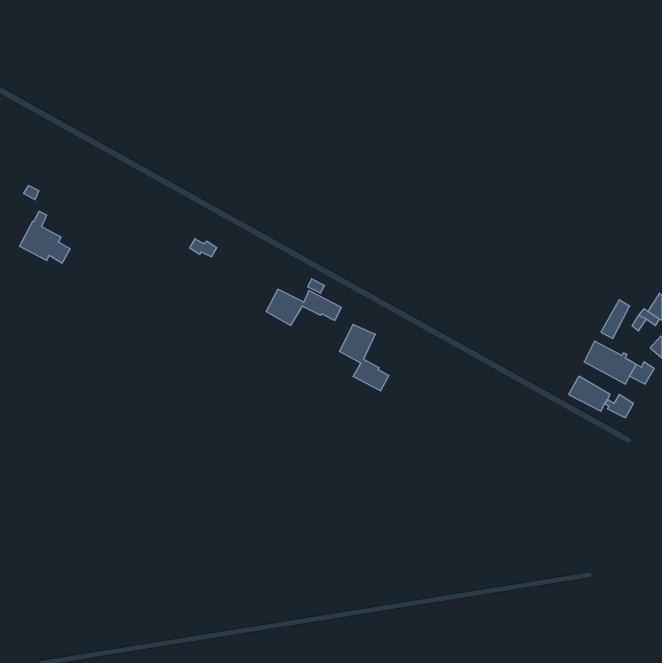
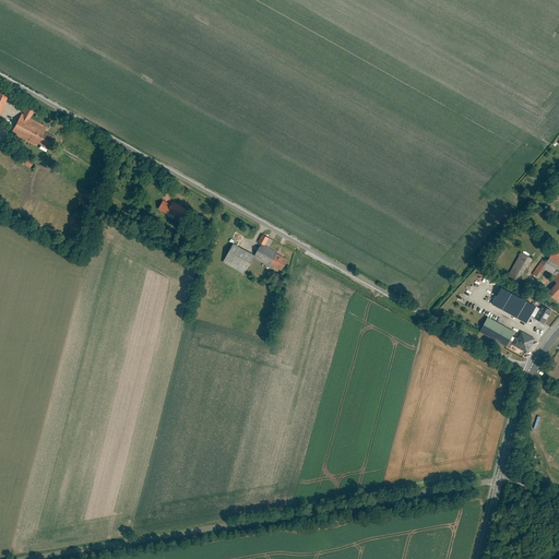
building: [19,211,70,263] -> [11,105,53,148]
building: [339,324,389,391] -> none

